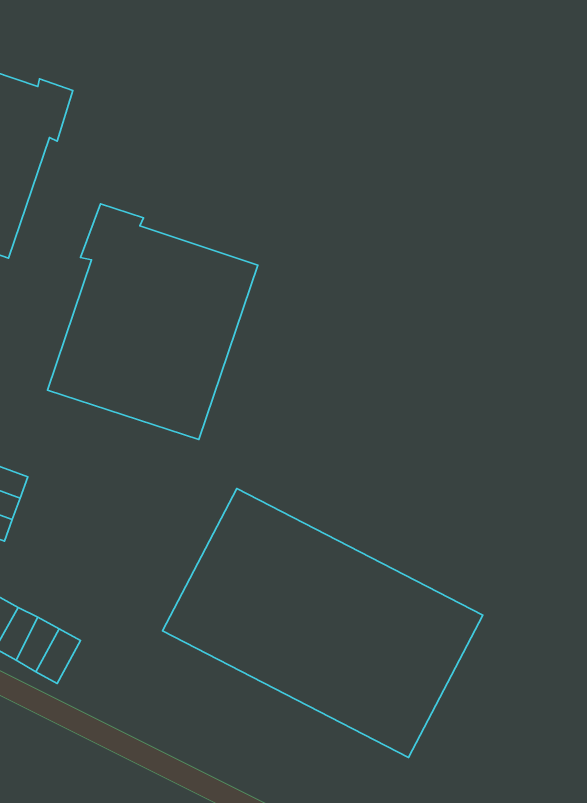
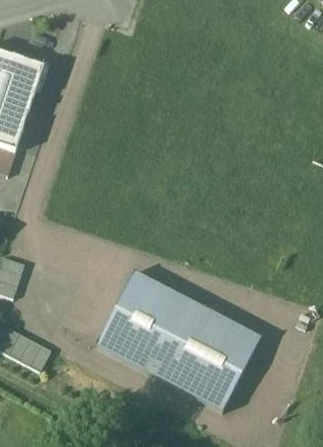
building: [48,204,258,440] -> none

